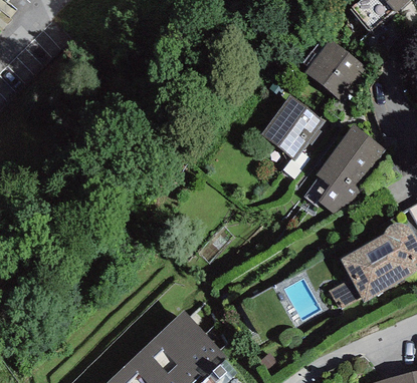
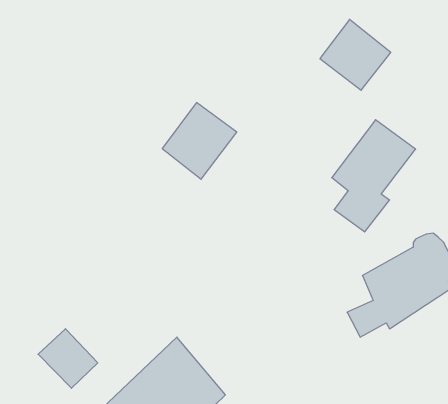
building: [260,95,324,160] -> [162,103,237,179]
building: none -> [38,329,98,388]

